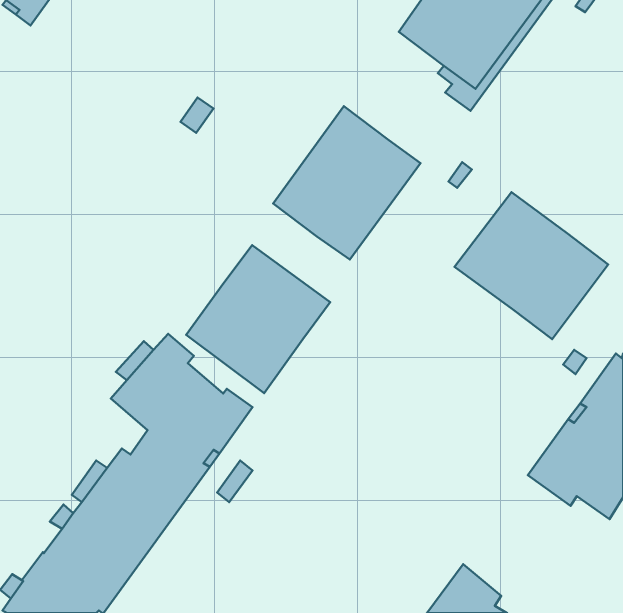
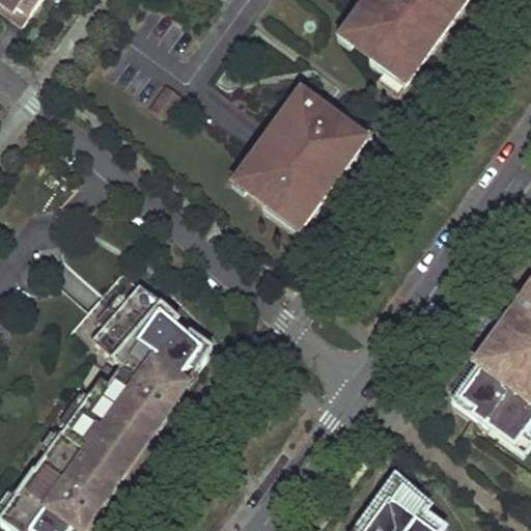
building: none -> [266,113,375,233]
building: [455,192,608,339] -> none
building: [186,245,330,393] -> none

